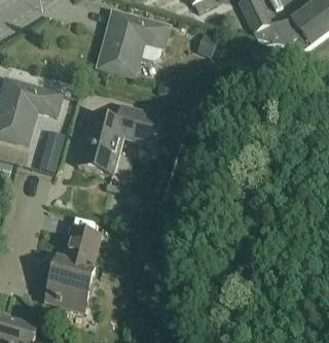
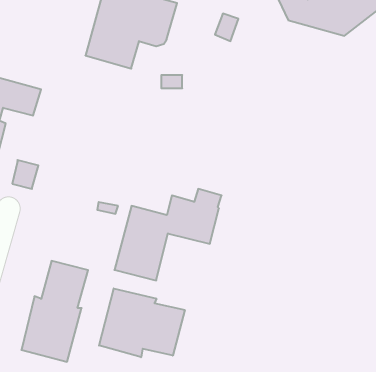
building: [77,101,161,173] -> [114,189,222,280]
building: none -> [99,288,185,357]

